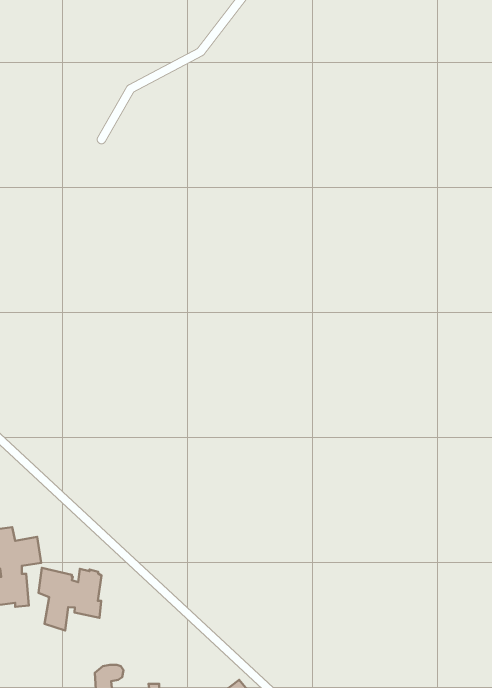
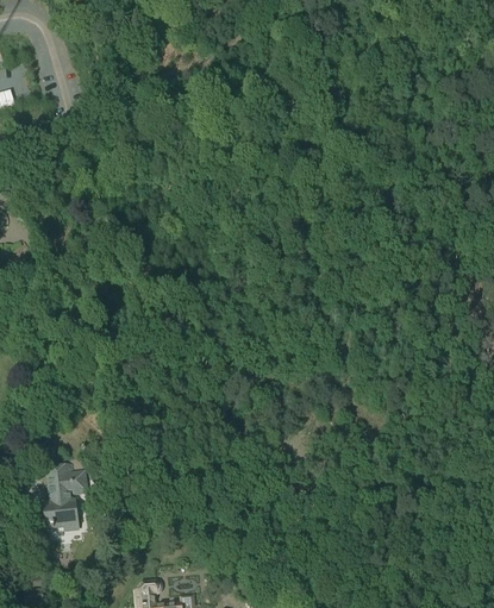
building: [38,568,101,631] -> none

